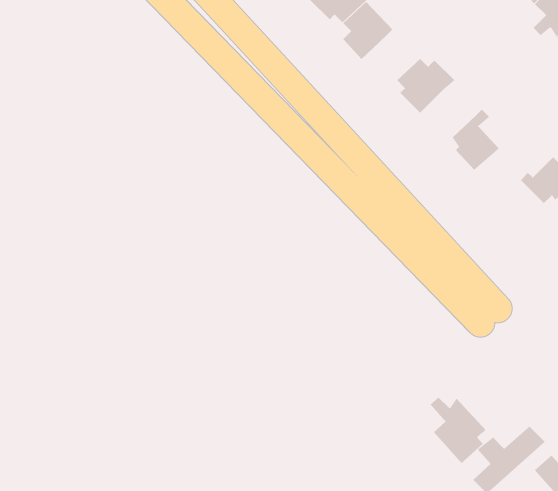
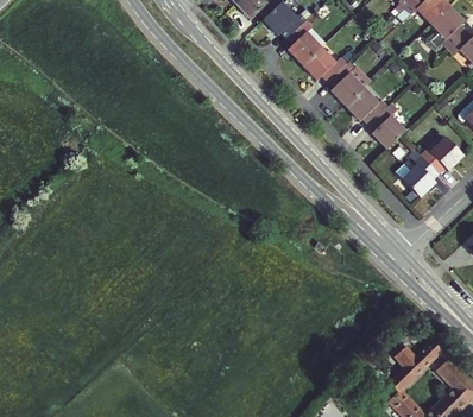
building: none -> [303,48,347,81]
building: none -> [347,88,389,124]
building: none -> [403,149,440,197]
building: [430,397,486,464] -> none

